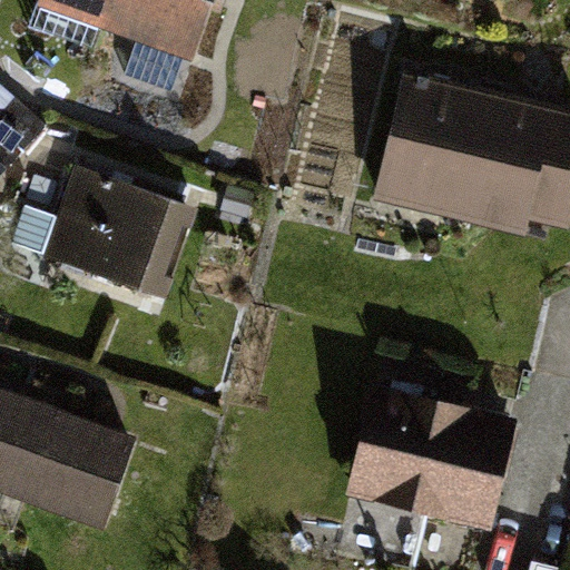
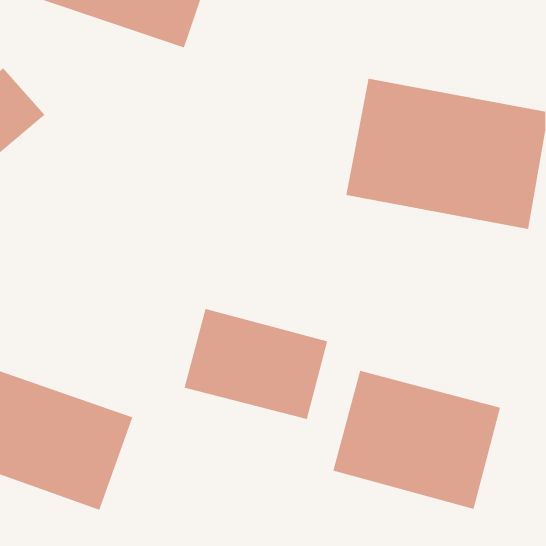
building: [24,167,215,324] -> none
building: none -> [184,308,328,420]

